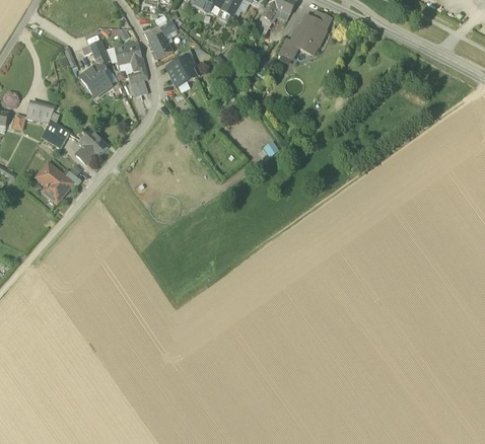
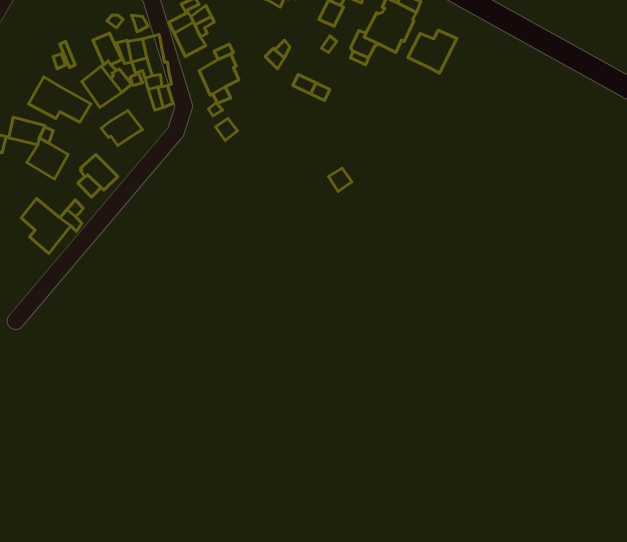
building: none -> [408,30,457,73]
building: none -> [28,77,91,122]
building: none -> [101,110,142,146]

